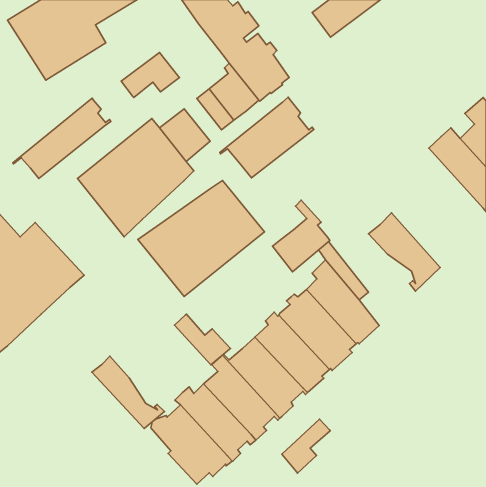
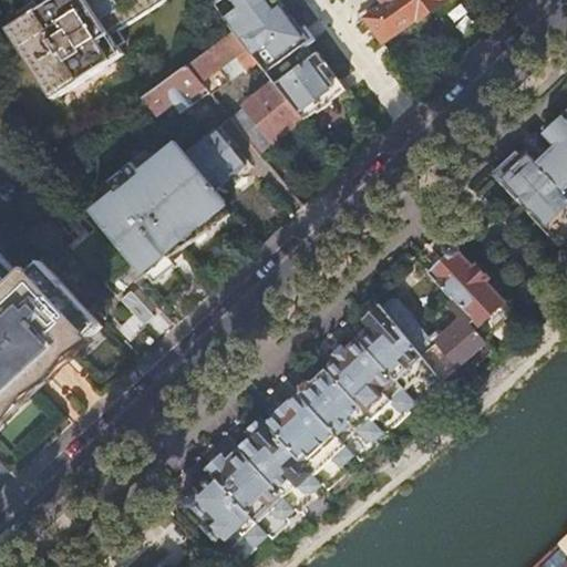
building: none -> [185,28,255,92]
building: [220,97,314,178] -> none
building: [13,98,111,178] -> none
building: [138,180,265,297] -> none
building: [273,200,330,272] -> [416,295,483,378]
building: [174,314,230,365] -> none
building: [92,356,164,429] -> none
building: [282,419,330,473] -> none

